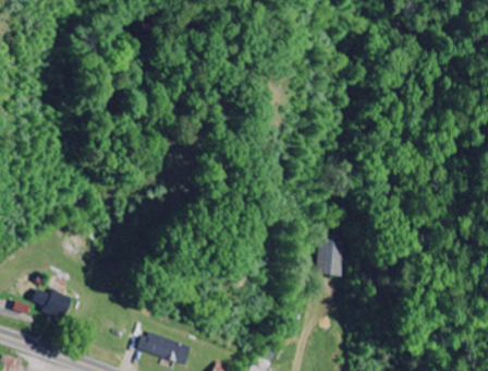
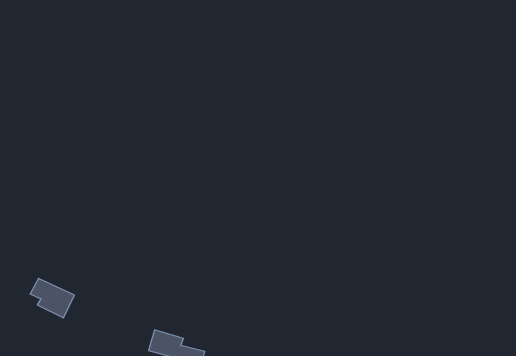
building: [315,239,343,275] -> none

